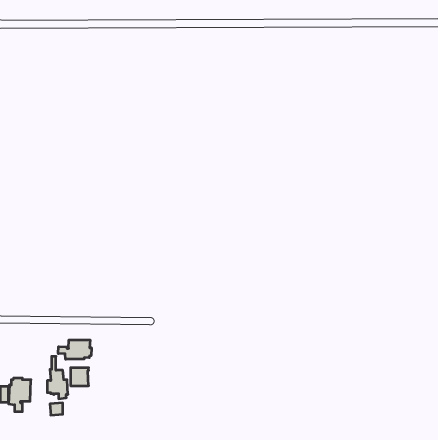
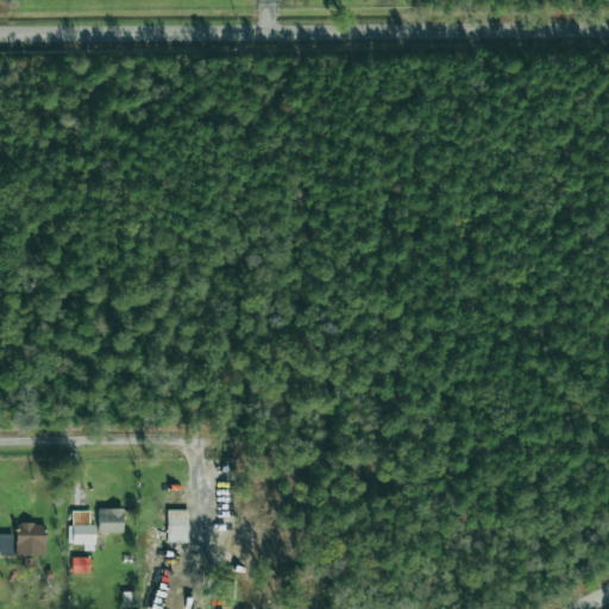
building: [58,340,91,359] -> none
building: none -> [167,509,188,542]

